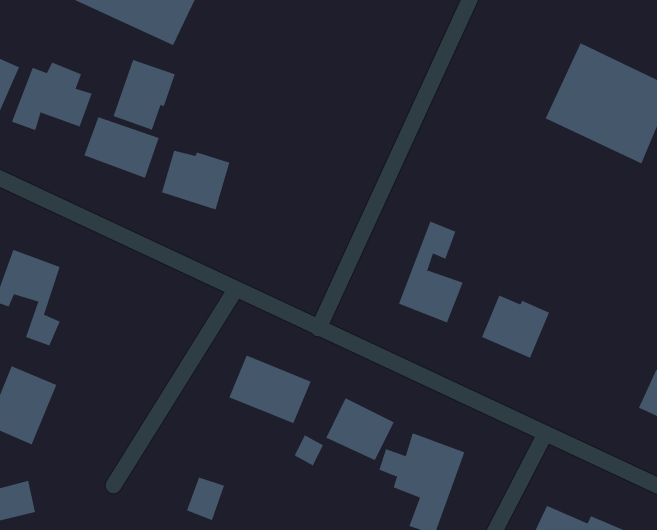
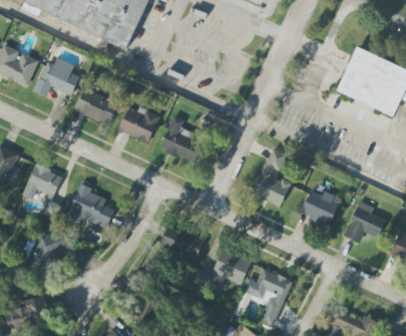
building: [113,59,175,130] -> none
building: none -> [159,115,198,160]
building: none -> [66,185,114,228]
building: none -> [344,200,385,242]

